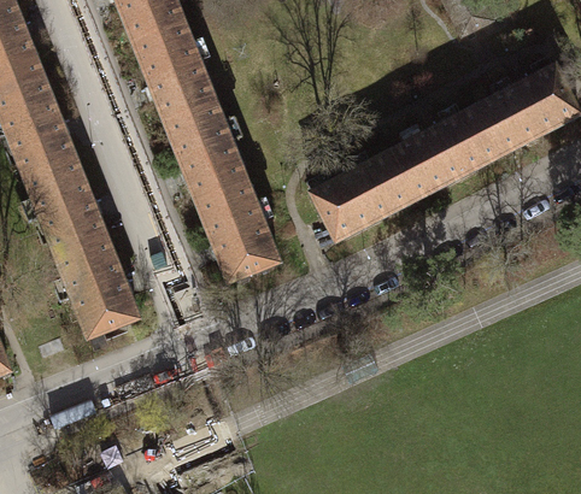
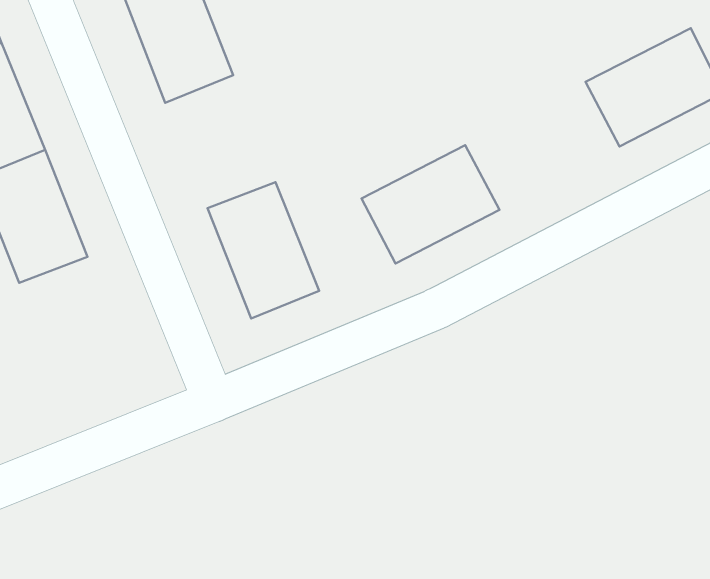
building: [164,100,246,199] -> none
building: [387,105,501,200] -> none
building: [55,235,139,336] -> none

